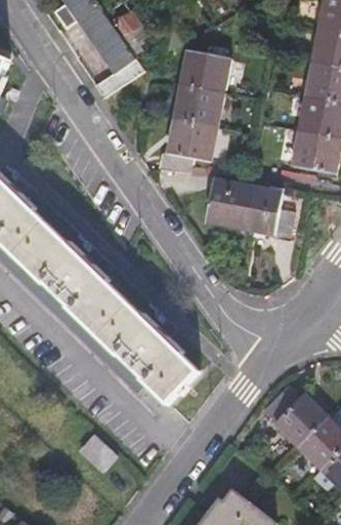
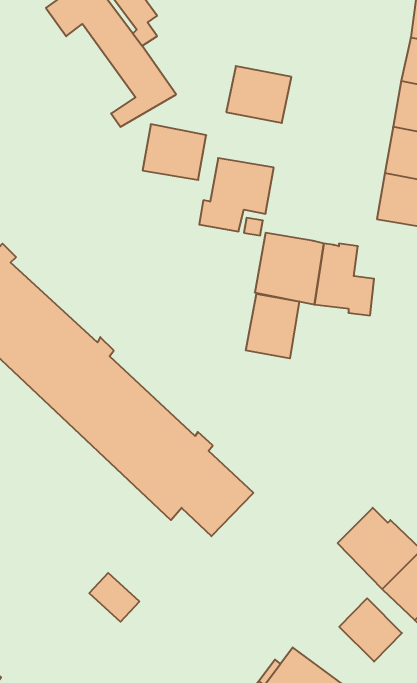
building: [175,85,223,127] -> [143,124,206,180]
building: none -> [246,294,299,358]
building: none -> [339,598,402,662]

